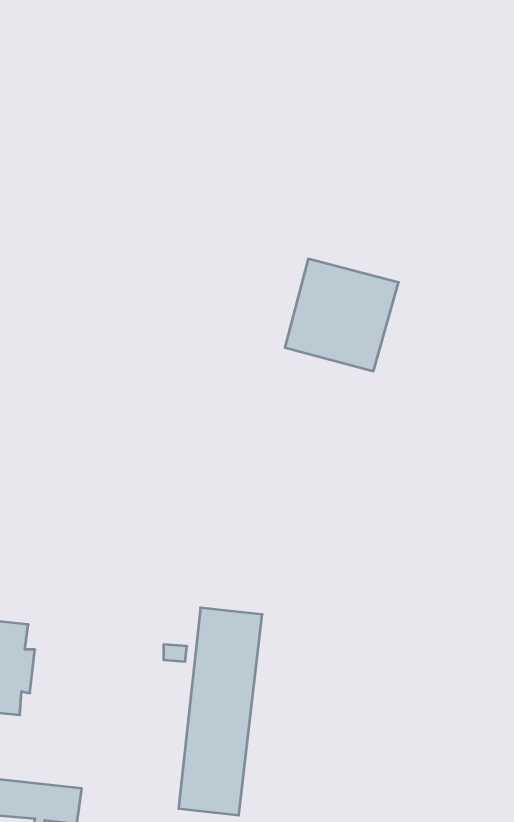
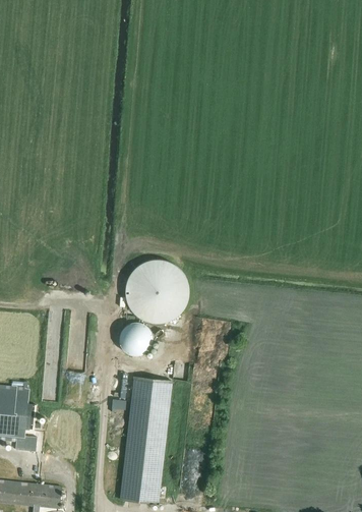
building: [285,259,399,371] -> [126,255,195,324]
building: none -> [125,331,153,354]

